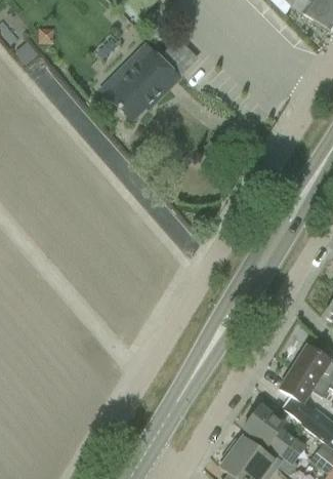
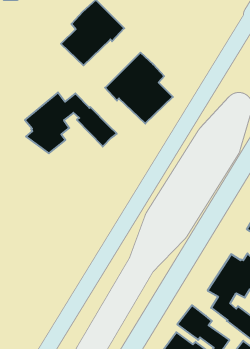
building: none -> [105,53,173,124]
building: none -> [25,92,117,153]

